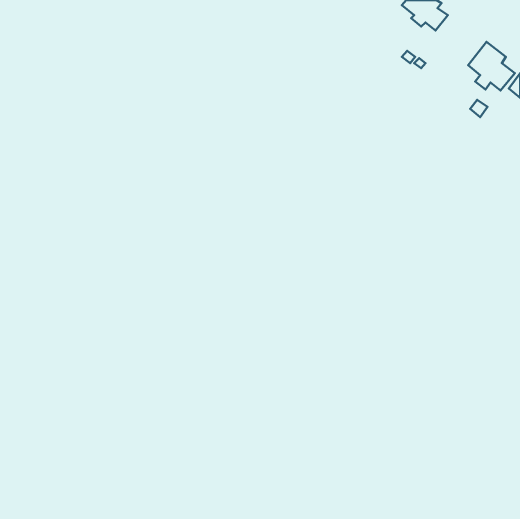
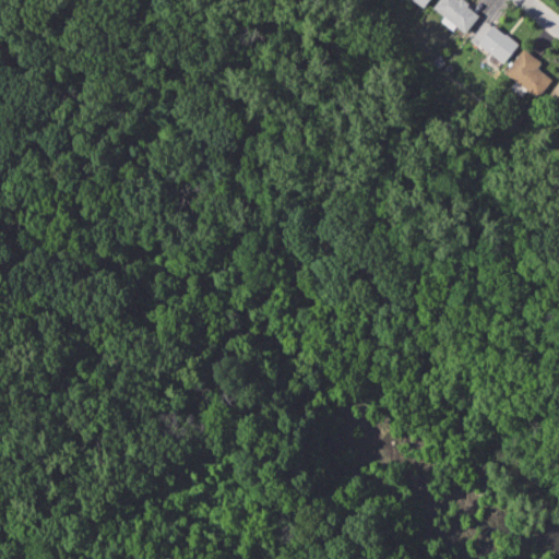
building: none -> [472,20,519,70]

